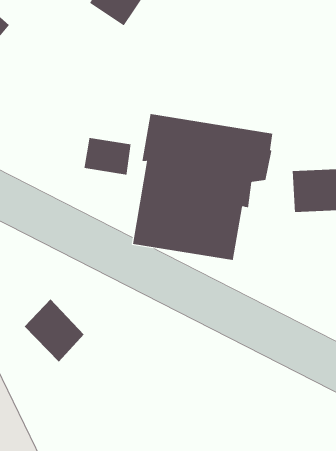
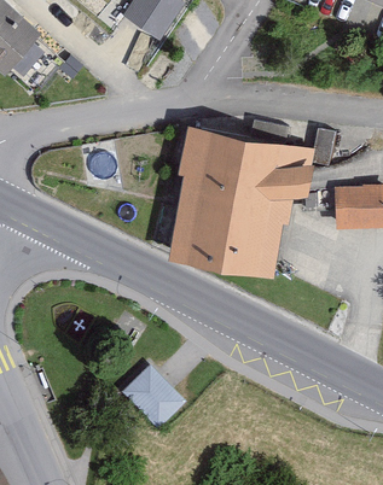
building: [84,137,131,175] -> none
building: [24,298,84,362] -> [122,363,185,430]

